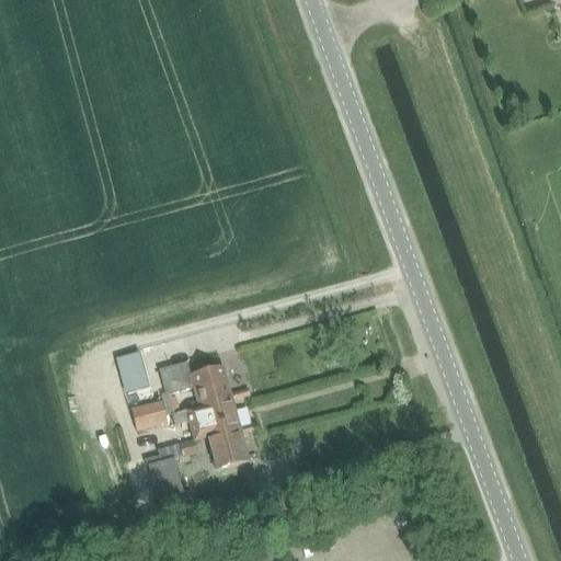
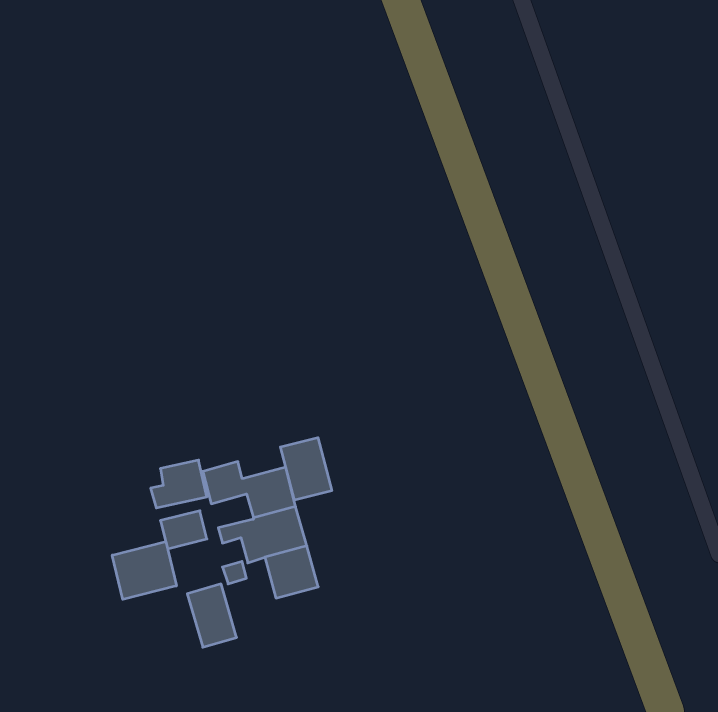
building: none -> [280,438,332,500]
building: none -> [112,542,176,599]

